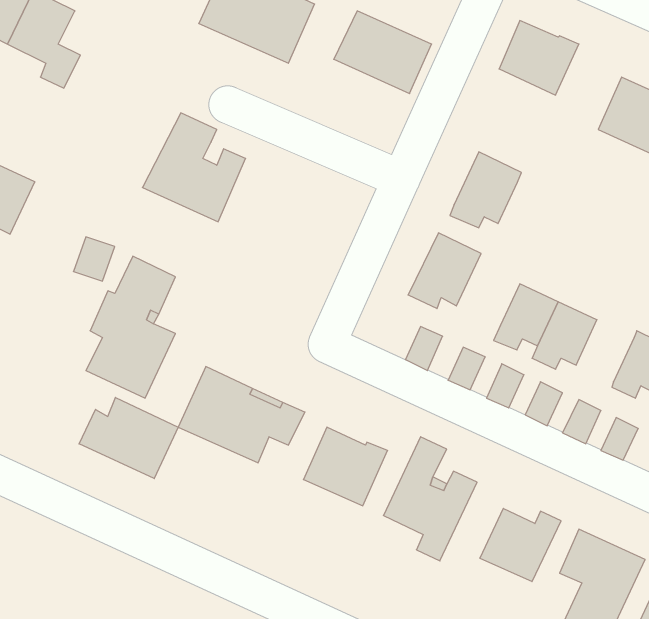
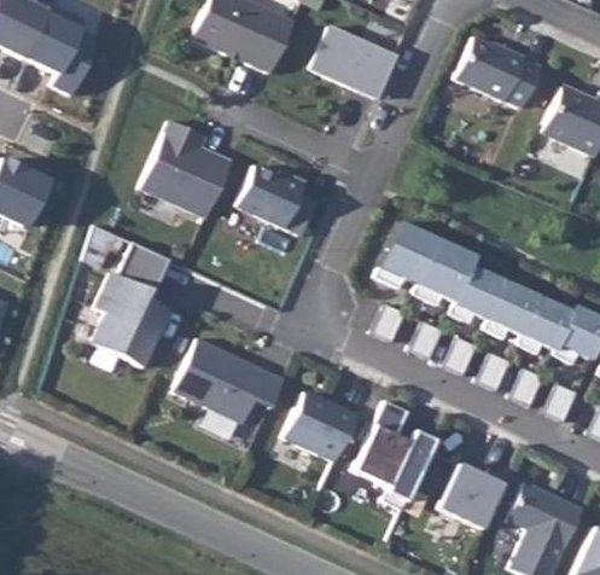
building: [450,152,521,228] -> [414,239,477,306]
building: none -> [238,163,305,227]
building: none -> [518,297,573,355]
building: [79,397,178,479] -> none

